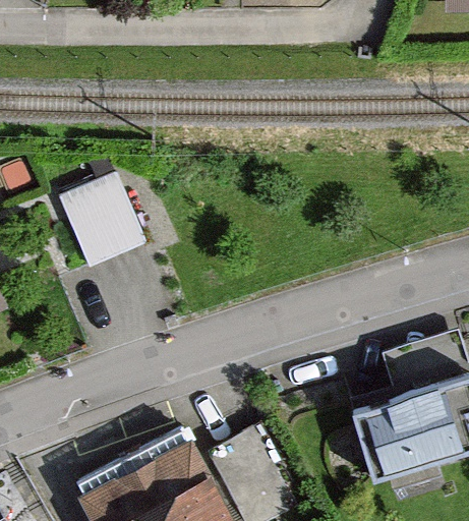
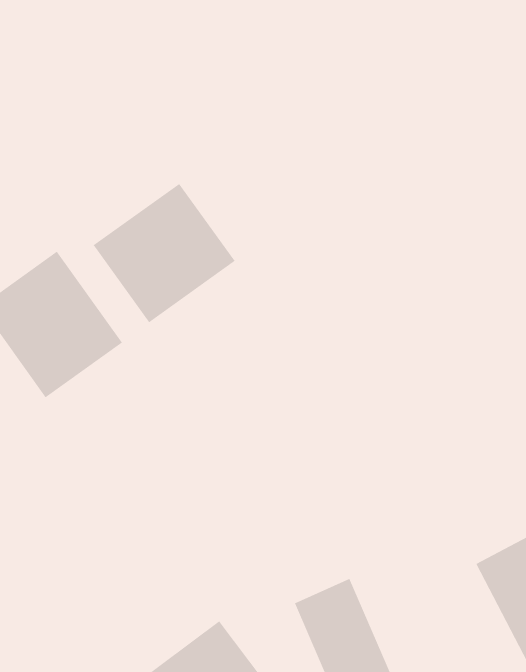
building: none -> [93,183,235,323]

